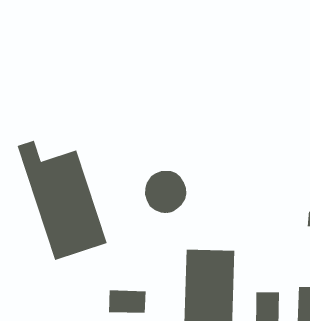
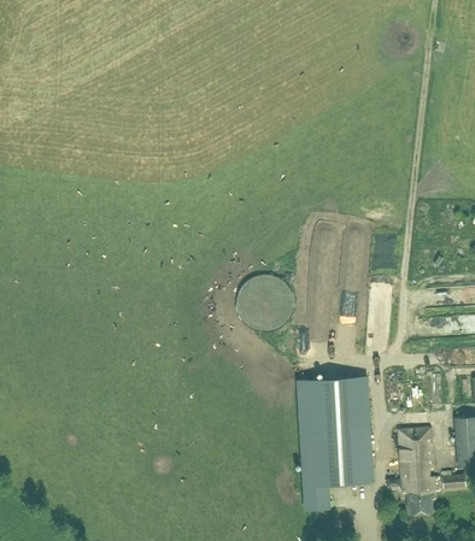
building: [17,140,108,261] -> none
building: [108,289,146,314] -> none

